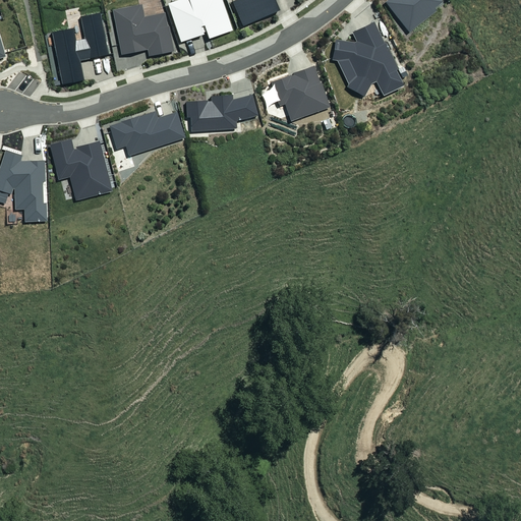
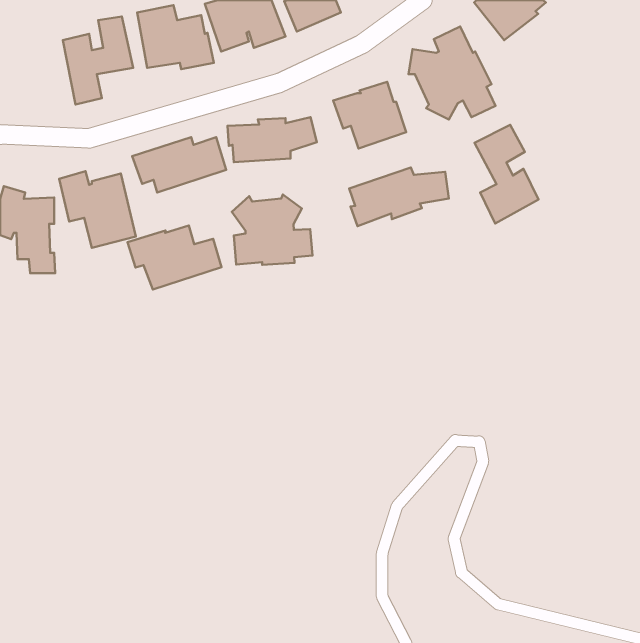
building: none -> [475,125,539,223]
building: none -> [349,168,449,226]
building: none -> [232,195,312,265]
building: none -> [127,226,222,290]

